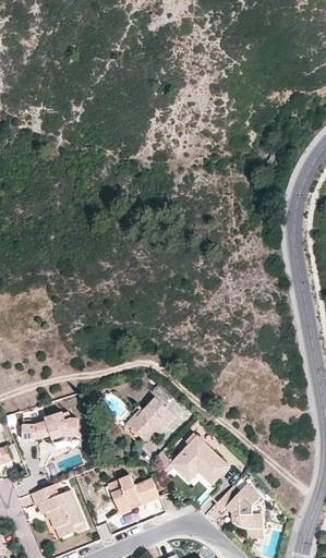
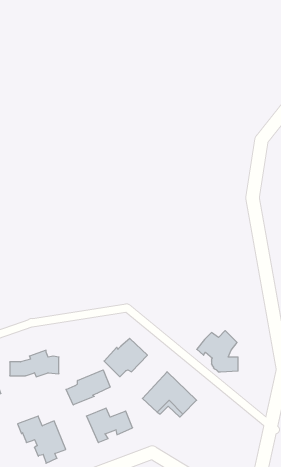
building: none -> [66,370,110,405]
building: [216,483,262,529] -> [197,331,238,372]

